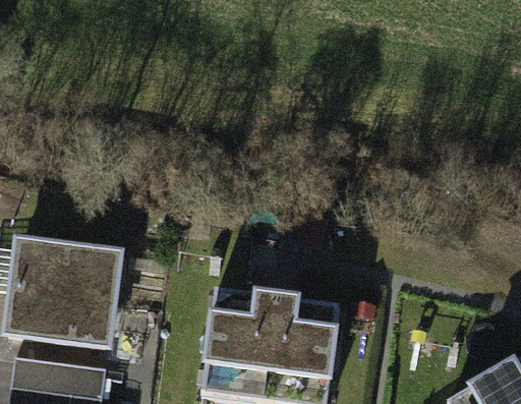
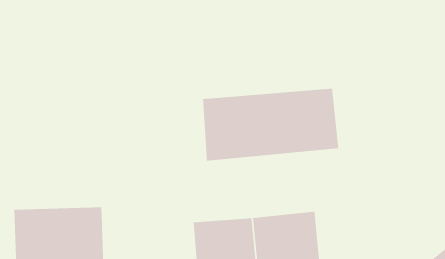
building: none -> [202,88,339,162]

